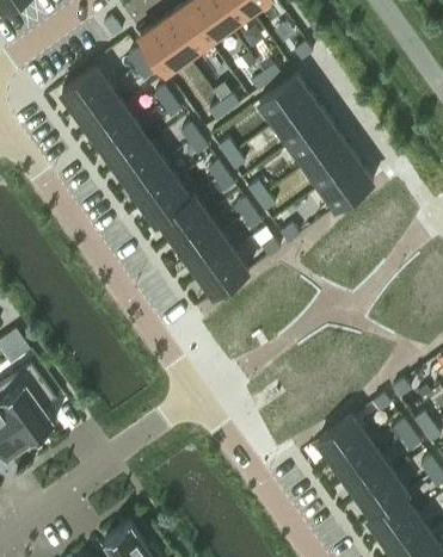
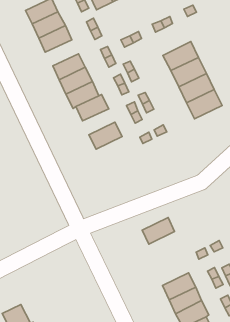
building: [259,78,310,125] -> none
building: [100,125,149,168] -> none
building: [172,217,220,260] -> none
building: [199,254,247,297] -> none
building: [318,417,365,462] -> [142,217,175,244]

